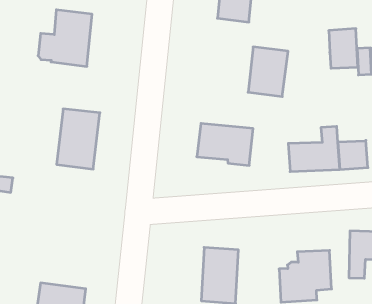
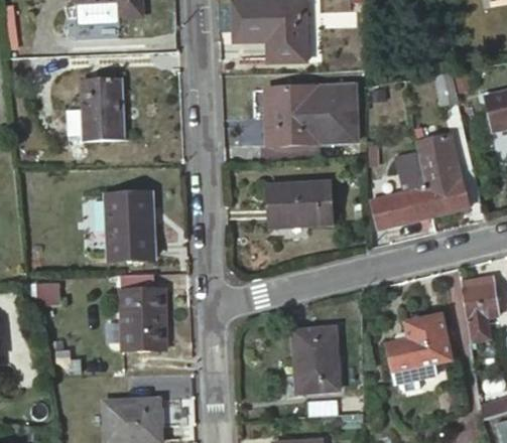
building: [329,29,358,68] -> [422,134,463,184]
building: none -> [267,89,319,144]
building: none -> [122,274,166,350]

